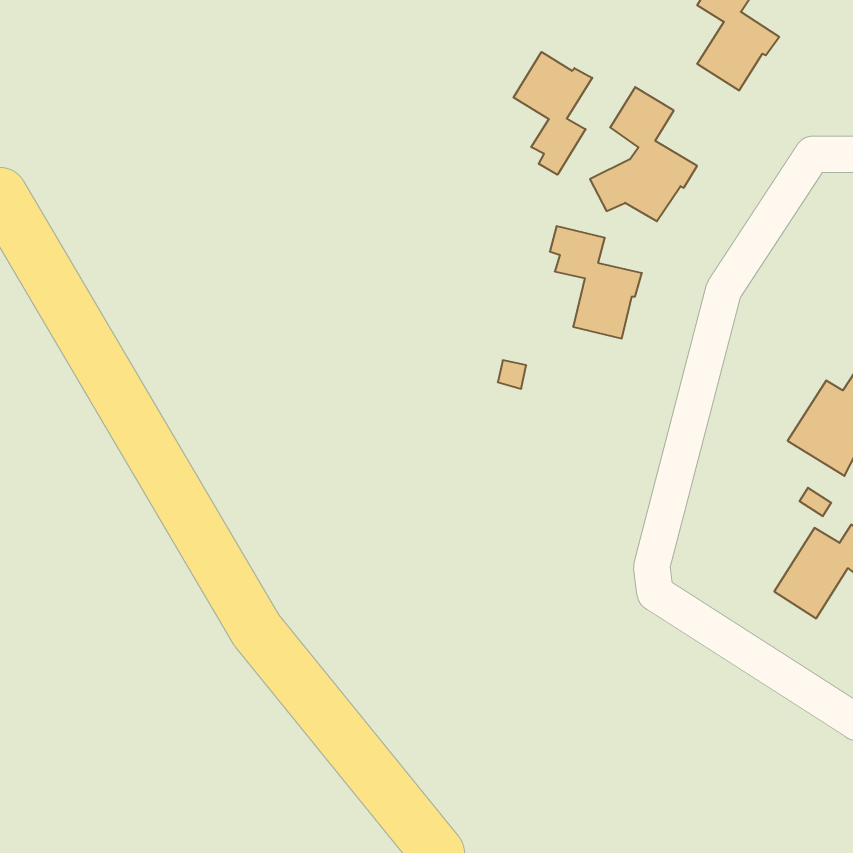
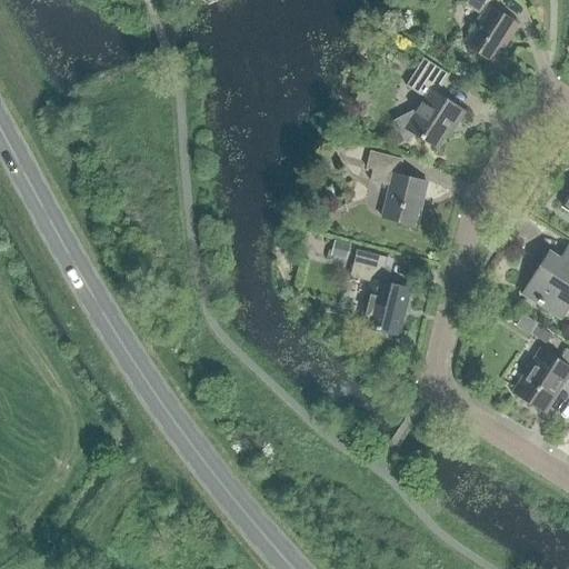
building: [514,52,592,175] -> none
building: none -> [350,249,410,335]

